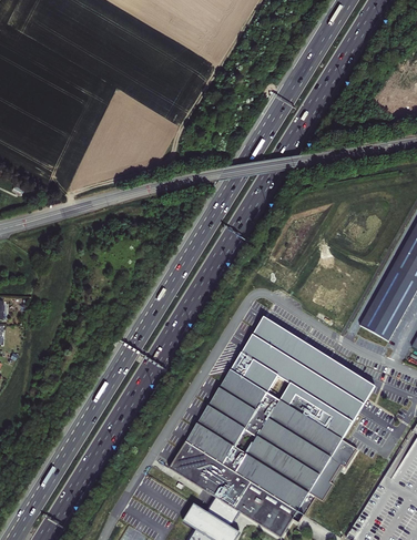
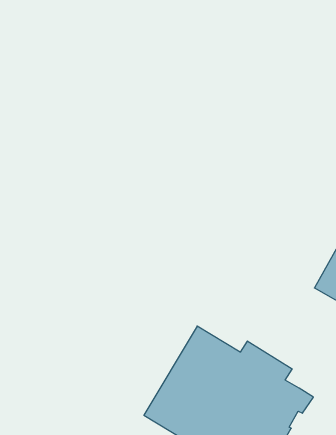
building: [230,315,375,437] -> none

